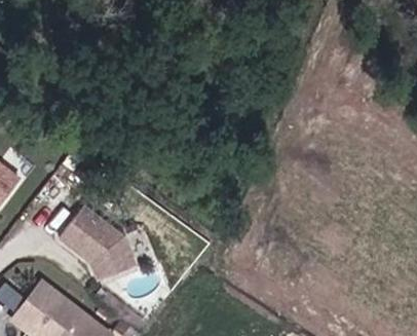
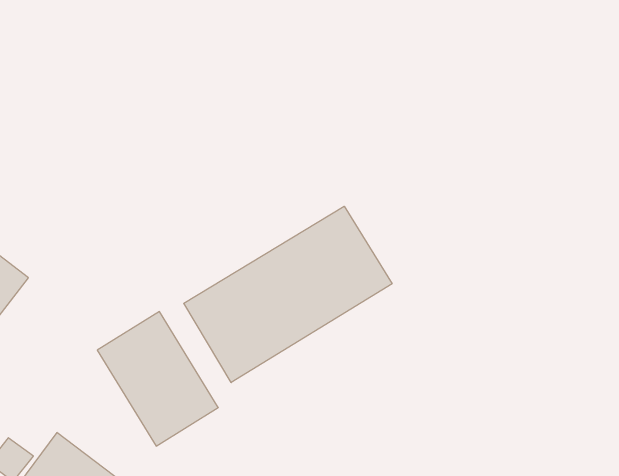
building: none -> [184,206,392,383]

